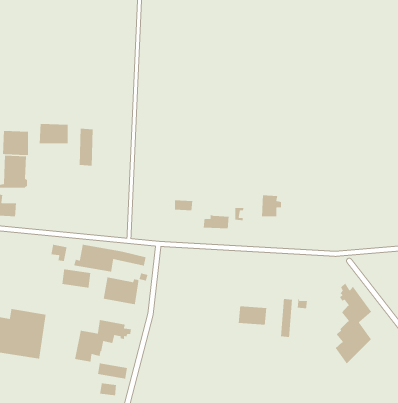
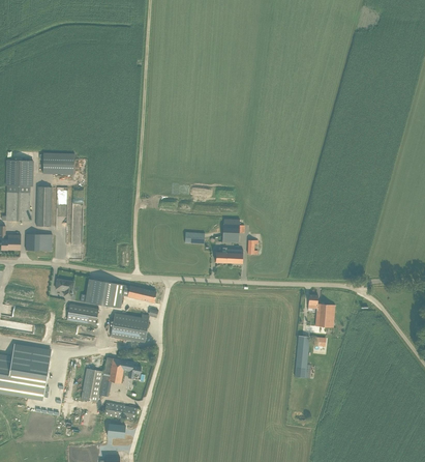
building: [79,128,94,166] -> [36,185,52,226]
building: [261,194,282,217] -> [222,218,244,241]
building: none -> [26,233,52,250]
building: none -> [308,294,335,326]
building: [335,283,372,364] -> none
building: [238,305,267,326] -> none

